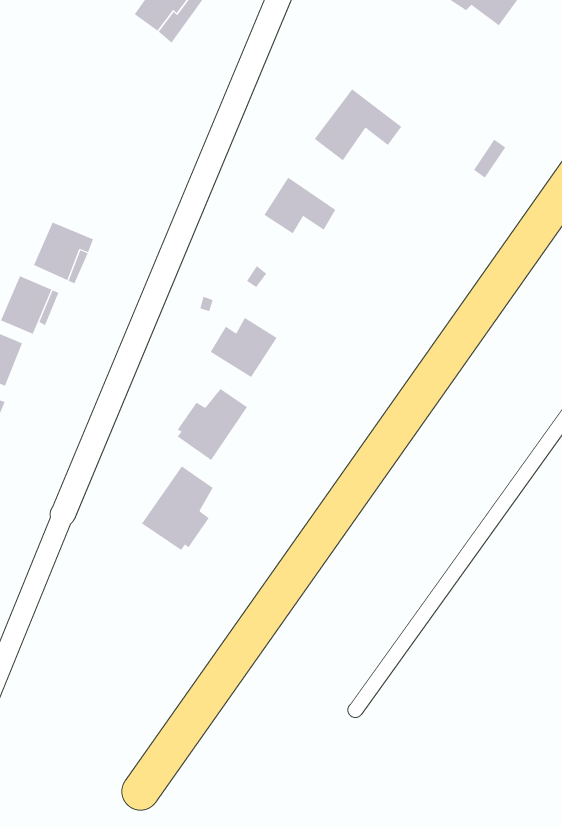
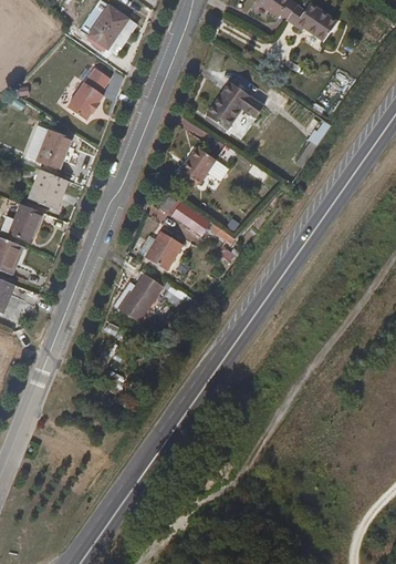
building: none -> [69,69,112,121]
building: none -> [35,129,70,167]
building: none -> [174,203,237,248]
building: [141,466,213,551] -> none

